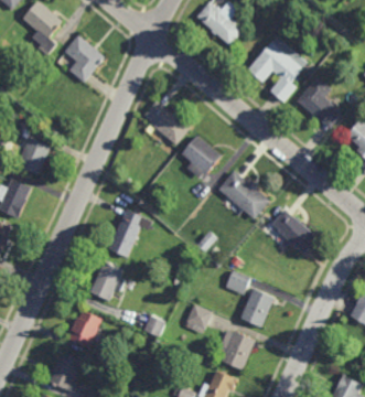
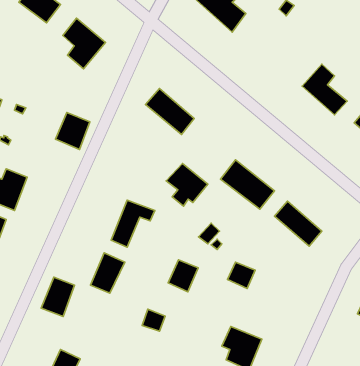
building: [243,36,302,103] -> none
building: [182,136,222,176] -> [166,163,208,206]
building: [17,137,50,172] -> [55,113,90,149]
building: [239,288,275,329] -> none
building: [182,302,211,333] -> [168,260,198,292]
building: [69,310,101,347] -> [41,277,75,316]

